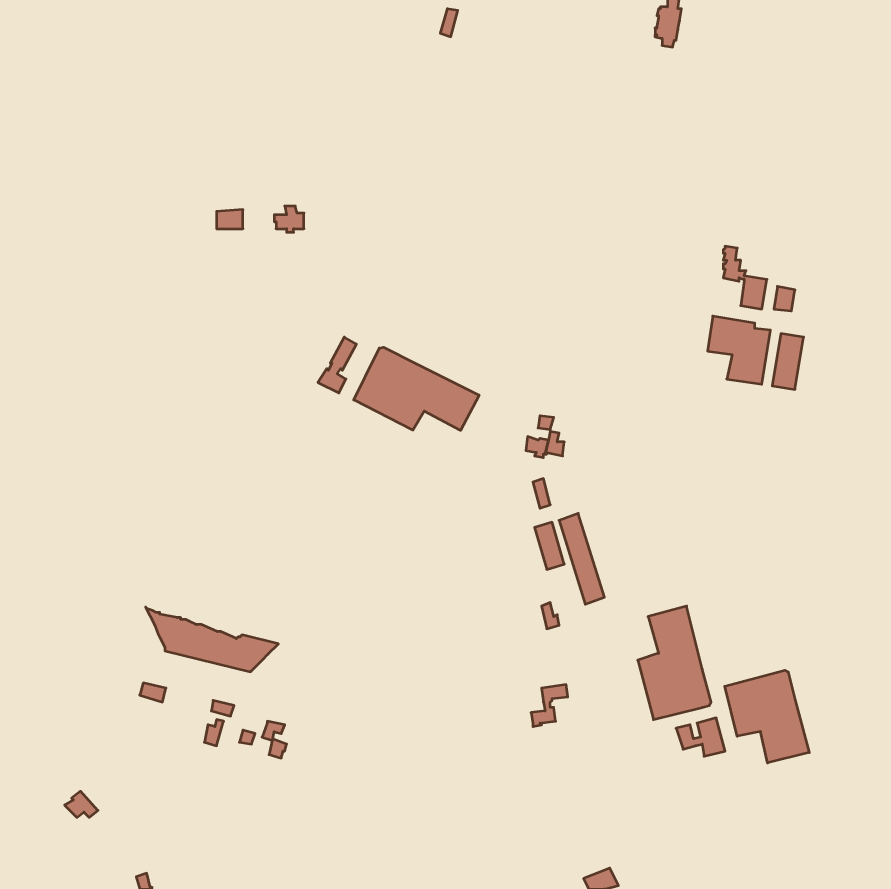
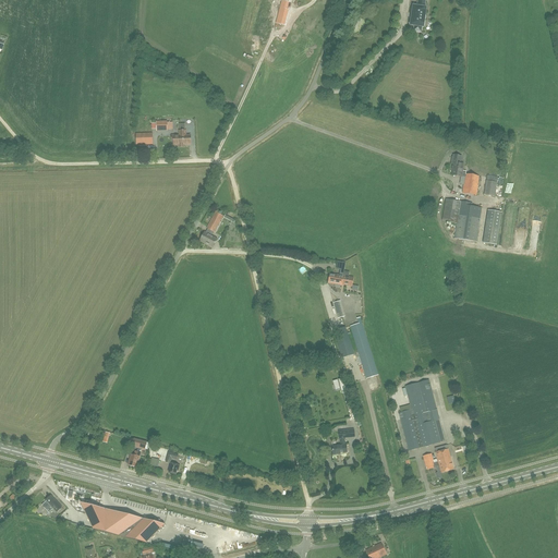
building: [354,347,479,430] -> none
building: [146,607,278,672] -> [80,500,162,541]
building: [725,670,809,763] -> none

